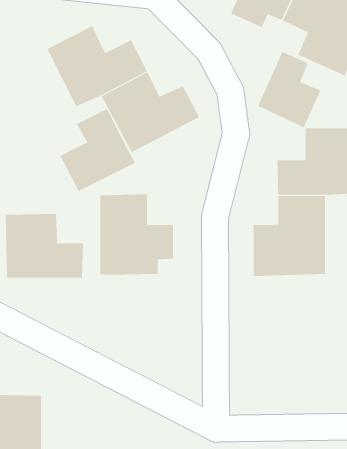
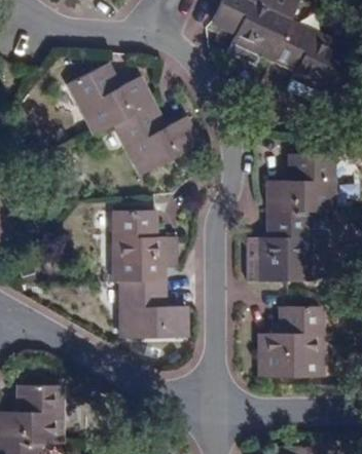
building: [257,51,321,128] -> none
building: [59,108,136,192] -> none
building: [5,213,84,278] -> [118,279,187,336]
building: none -> [259,305,323,376]

